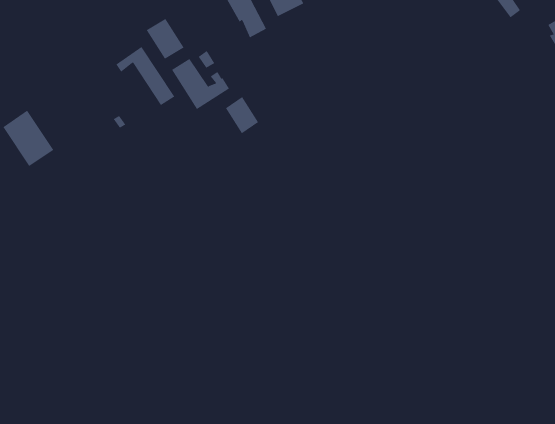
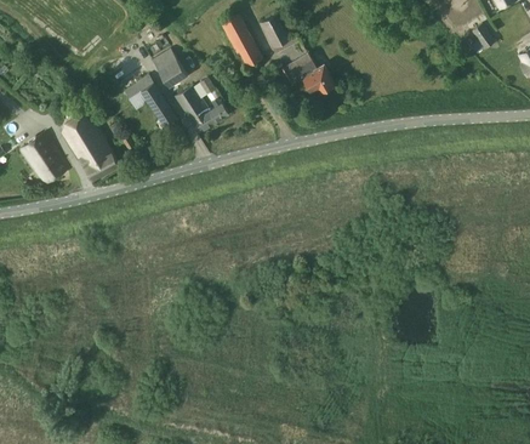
building: none -> [281,53,334,92]
building: none -> [62,116,119,182]
building: [225,96,259,134] -> none

